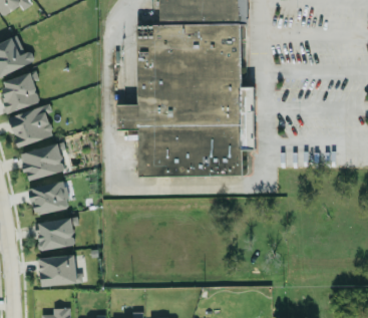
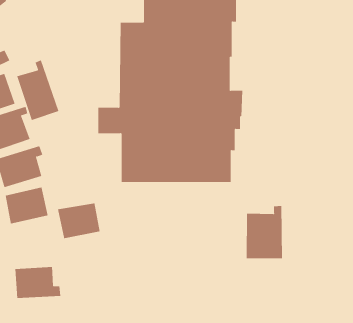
building: none -> [17,60,59,121]
building: none -> [246,205,283,259]
building: [34,217,75,251] -> [57,203,101,239]

